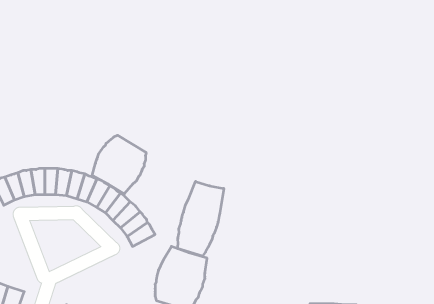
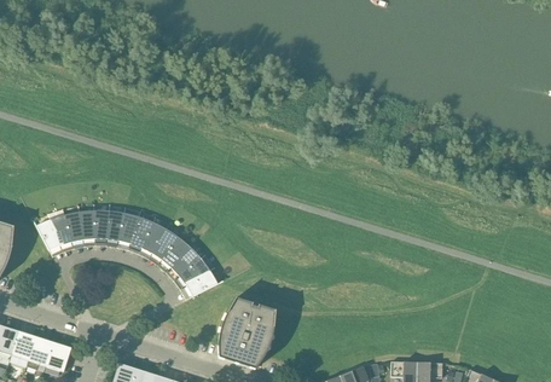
building: [92,135,146,194] -> none
building: [178,181,224,256] -> none

